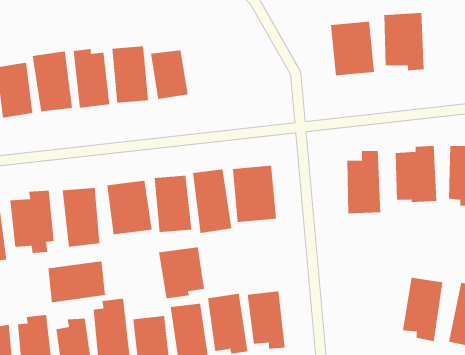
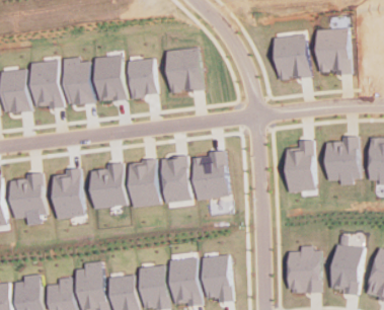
building: none -> [164,47,201,92]
building: [159,246,204,299] -> none
building: [48,260,106,303] -> none
building: none -> [289,247,322,293]

